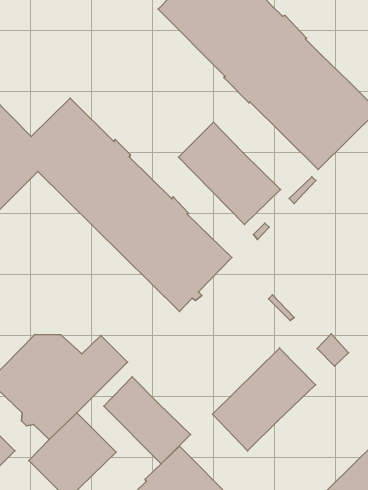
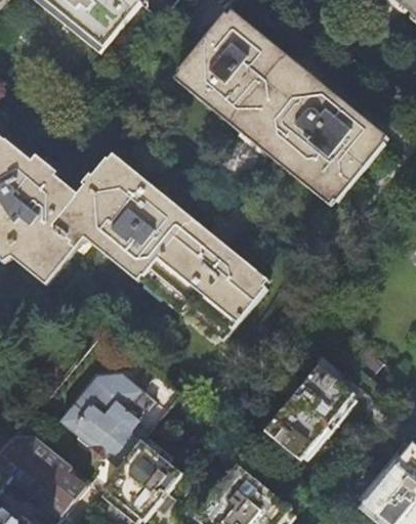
building: [179,122,280,225] -> none
building: [104,377,191,464] -> none

